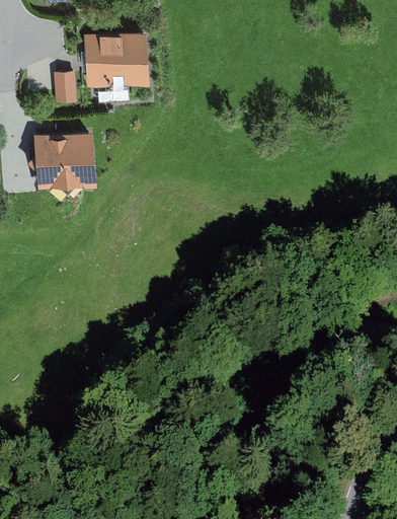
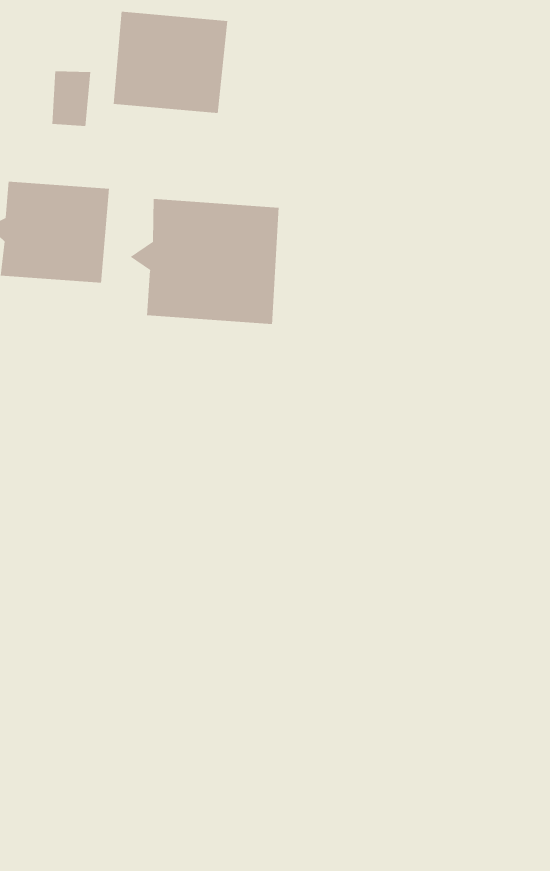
building: none -> [130,198,279,325]

